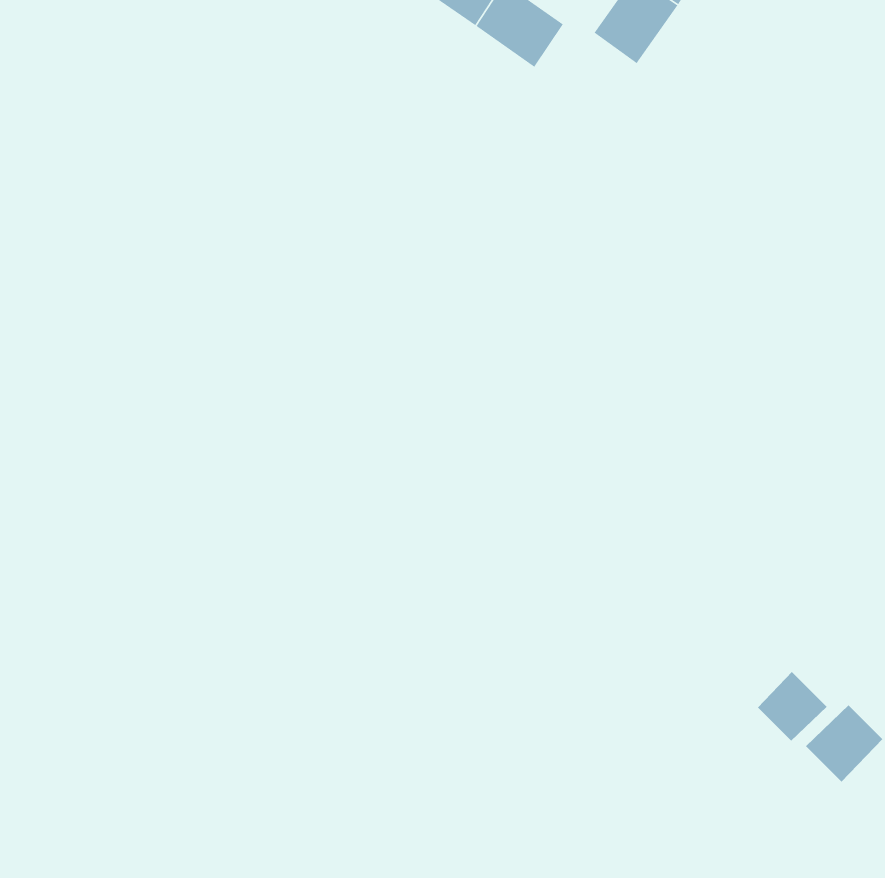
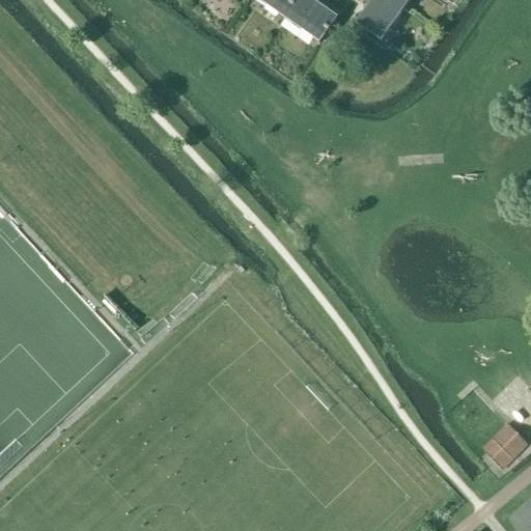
building: [757,671,827,741] -> none

